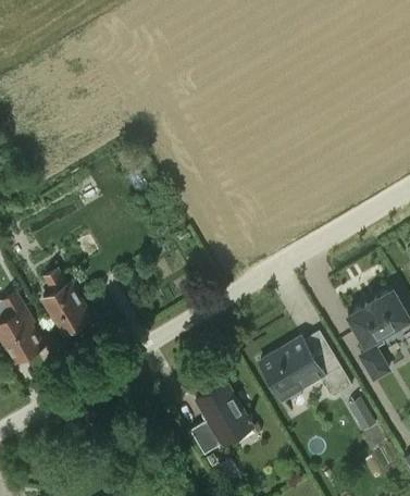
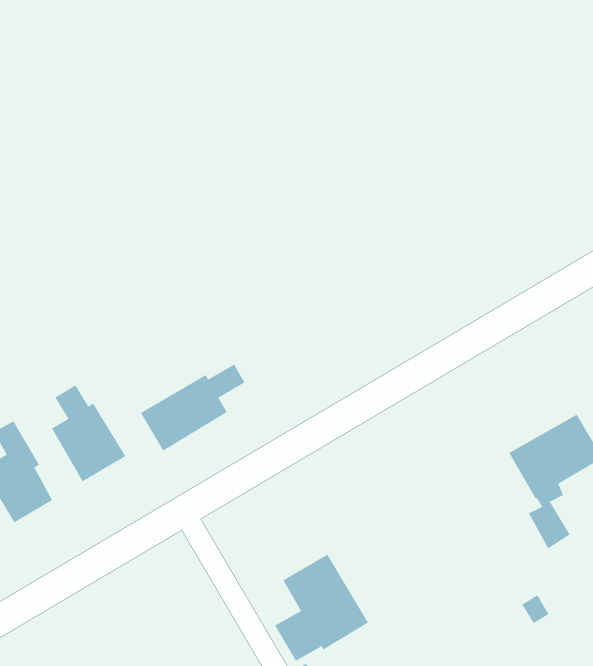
building: none -> [140,364,245,452]
building: [259,337,352,400] -> none

